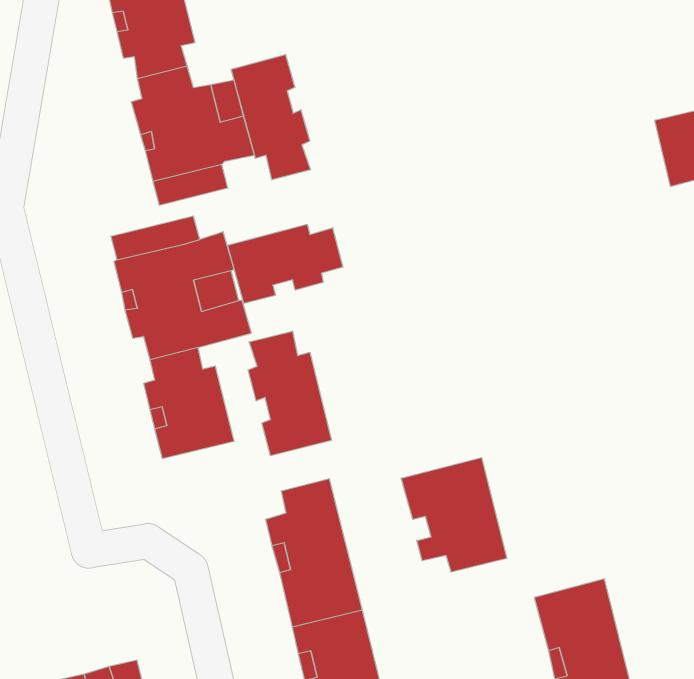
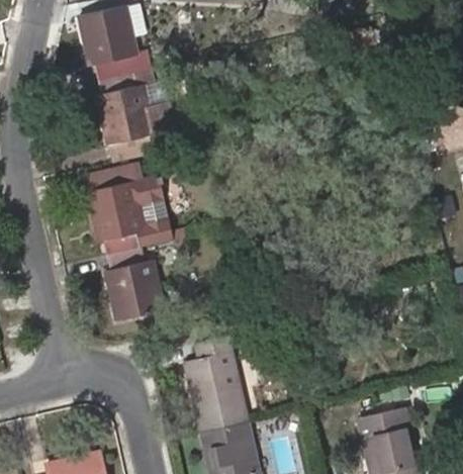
building: [231,54,310,180] -> none
building: [228,224,343,303] -> none
building: [248,331,331,456] -> none
building: [401,458,507,572] -> none

